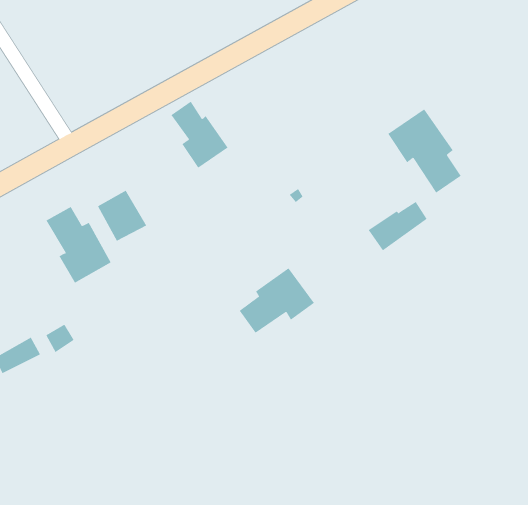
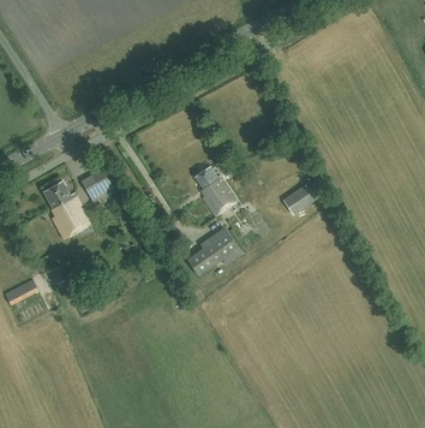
building: [170,101,228,168] -> [193,165,237,215]
building: [388,108,462,194] -> none

